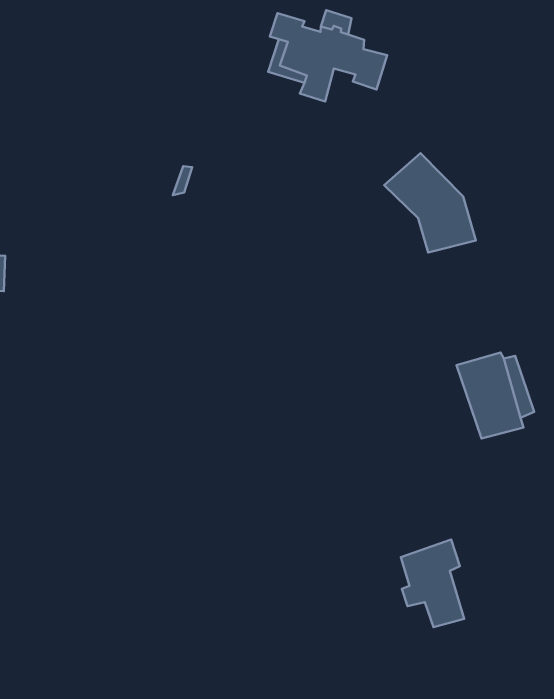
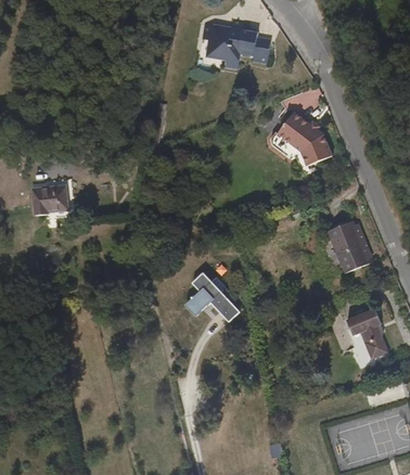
building: none -> [184,274,236,321]
building: [401,539,464,627] -> [346,300,386,352]

